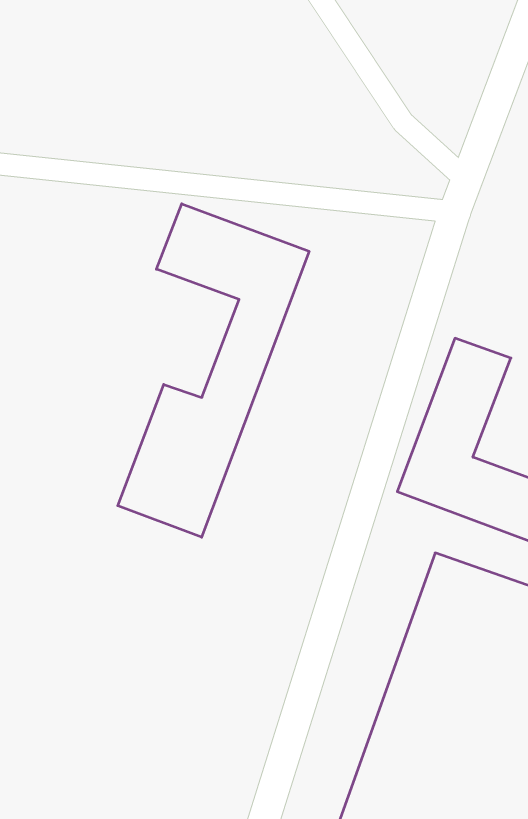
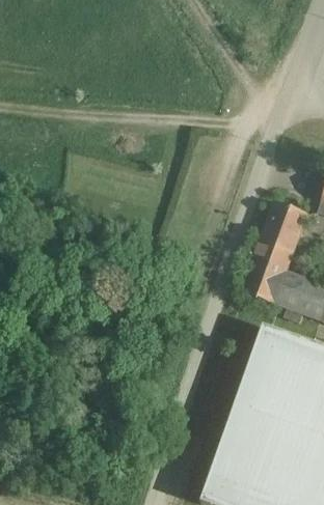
building: [118,204,309,537] -> none

